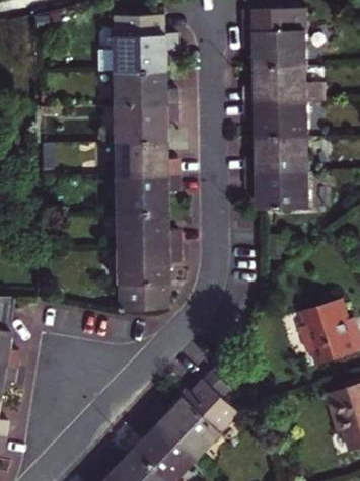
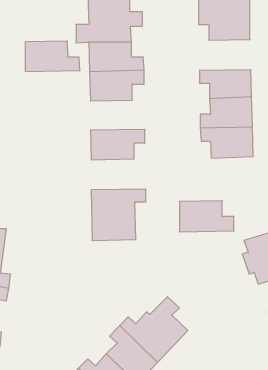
building: [246,68,323,105] -> none
building: [115,141,181,177] -> [25,41,80,71]
building: [116,212,182,249] -> [179,201,234,232]

